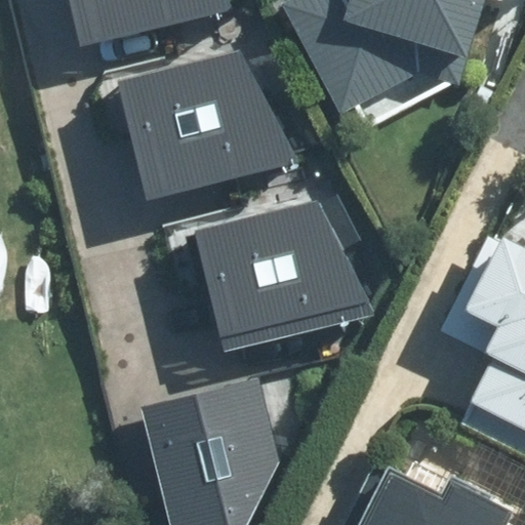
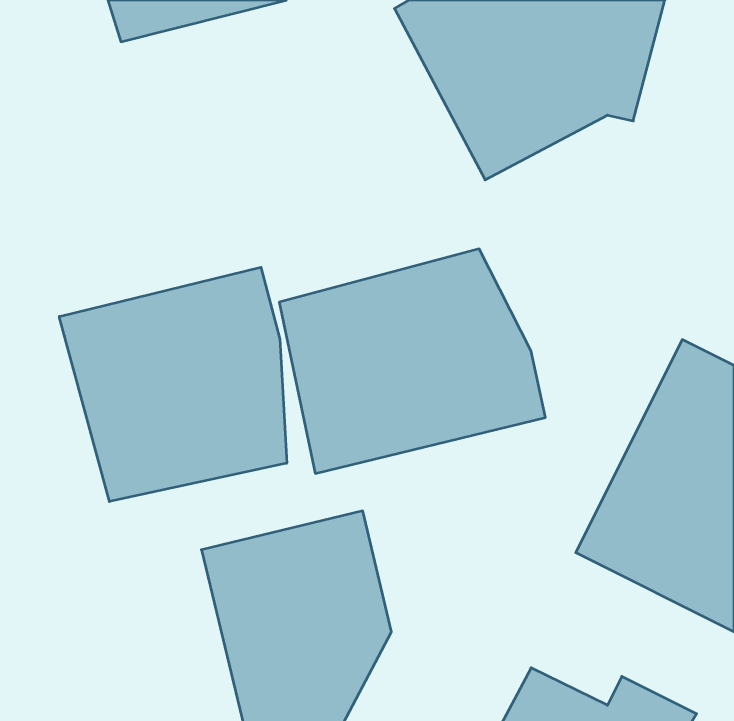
building: [120,48,299,193] -> none
building: none -> [59,267,287,502]

